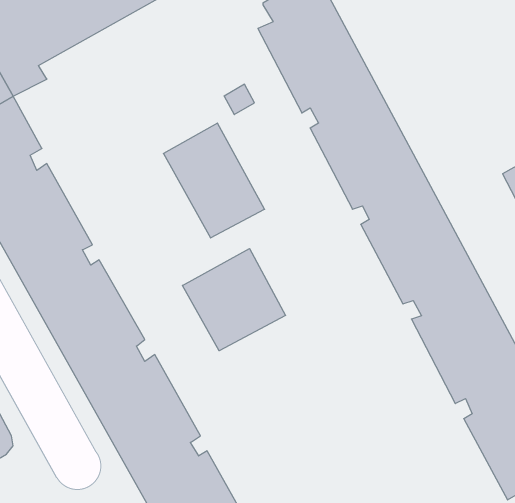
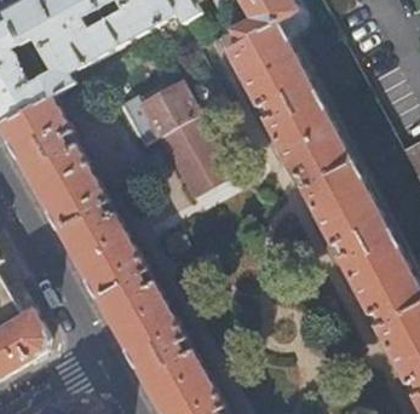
building: none -> [116,80,196,145]
building: [182,249,286,351] -> none

